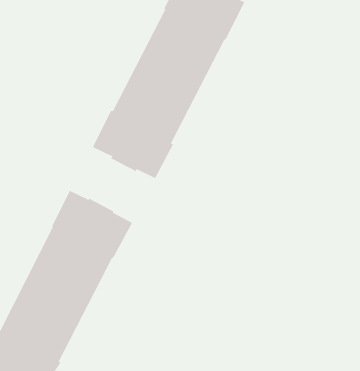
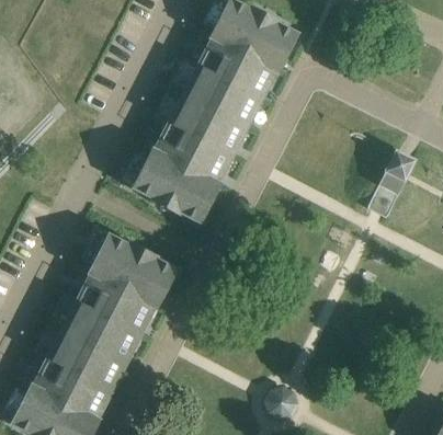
building: none -> [375,149,413,198]
building: none -> [265,389,296,420]

